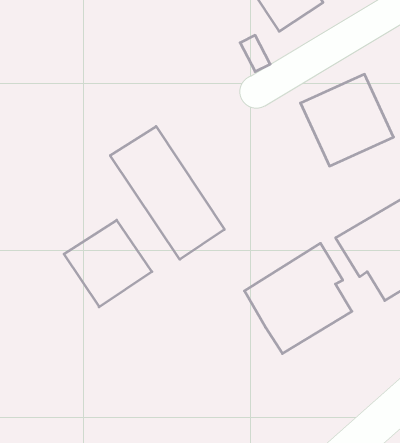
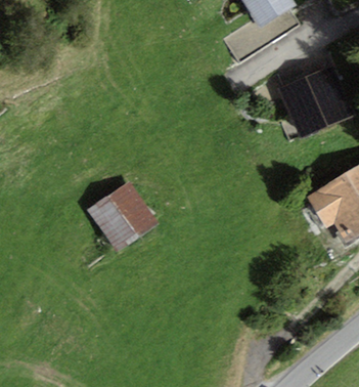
building: [110,126,224,259] -> none
building: [244,243,352,354] -> none

